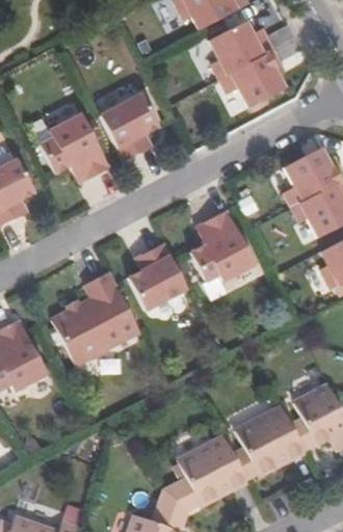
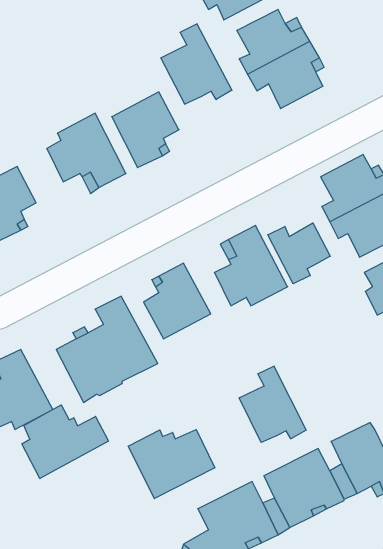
building: none -> [161,24,232,104]
building: none -> [268,223,330,284]
building: none -> [239,366,306,442]
building: none -> [22,405,108,479]
building: none -> [128,430,215,499]

